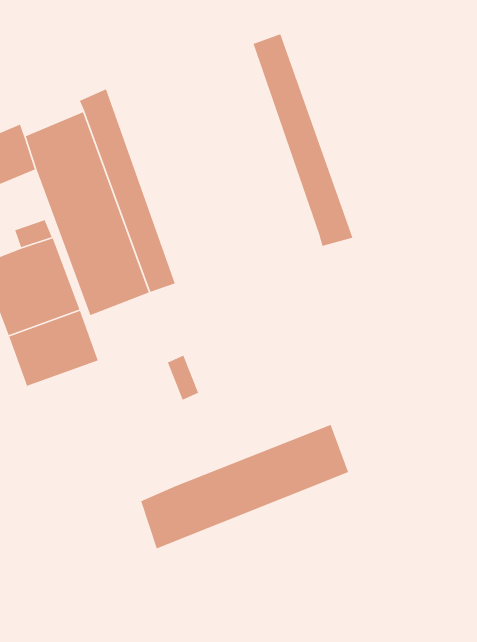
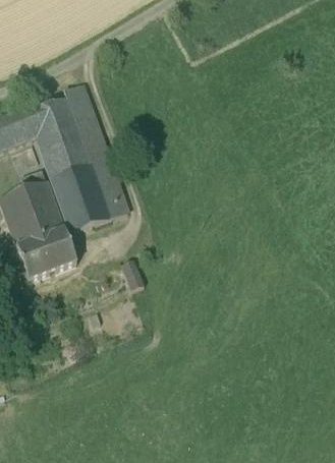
building: [252,33,354,247] -> none
building: [140,424,349,550] -> none

